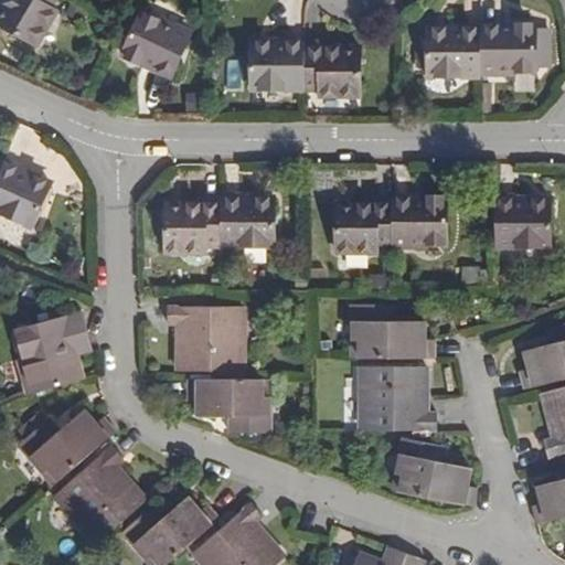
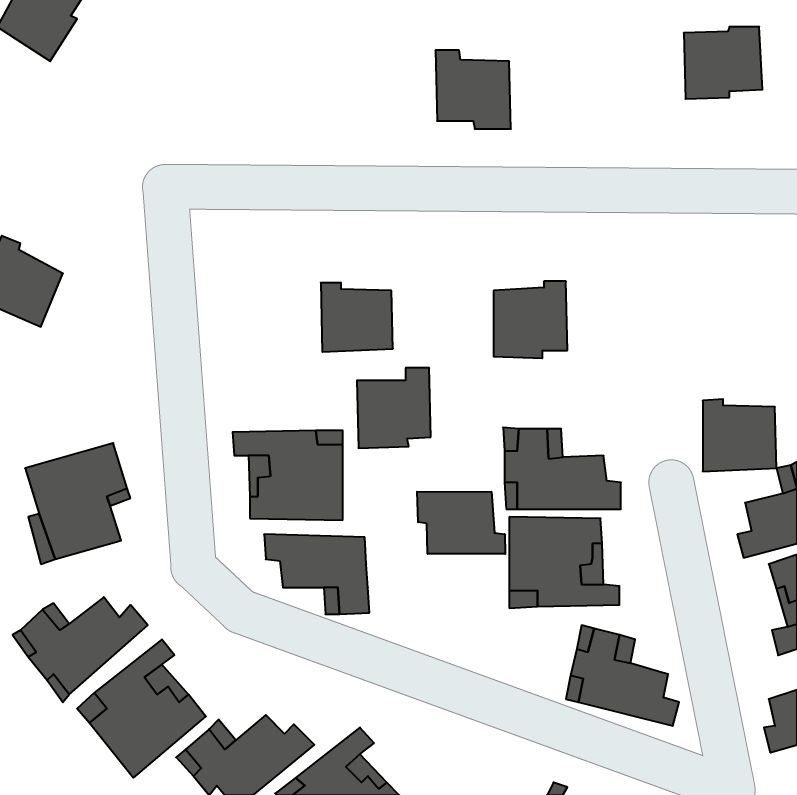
building: [127,19,188,86] -> none
building: [430,23,481,72] -> none
building: [255,34,307,85] -> none
building: [397,193,451,246] -> none
building: [499,198,551,248] -> [703,399,777,471]
building: [174,199,226,255] -> [357,368,431,448]
building: none -> [417,492,505,554]

